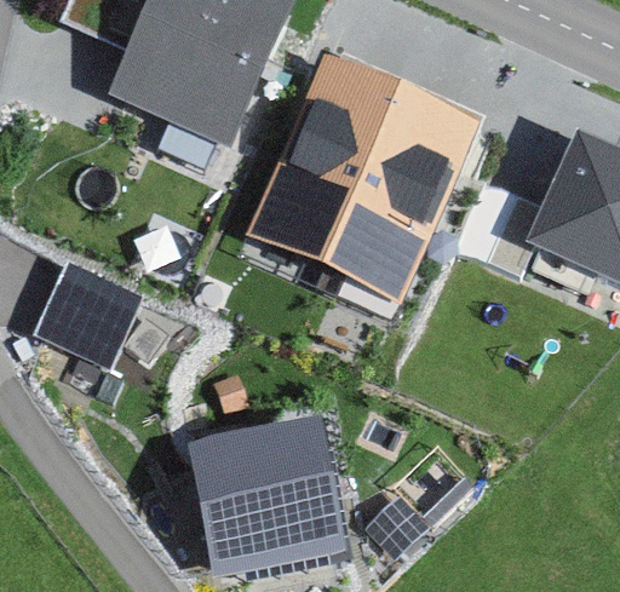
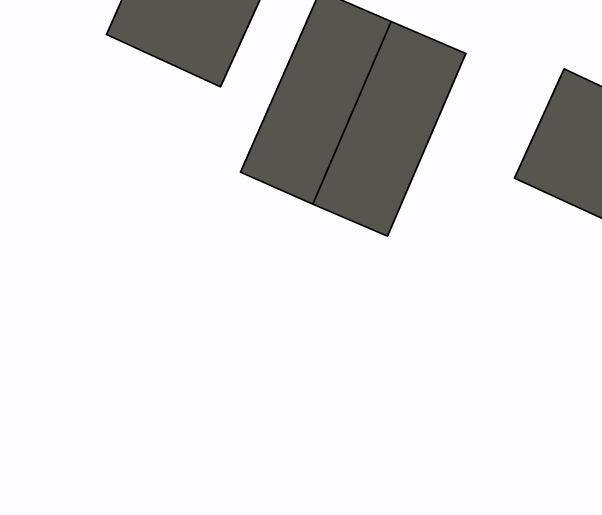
building: [35,263,143,373] -> none
building: [188,416,348,574] -> none

